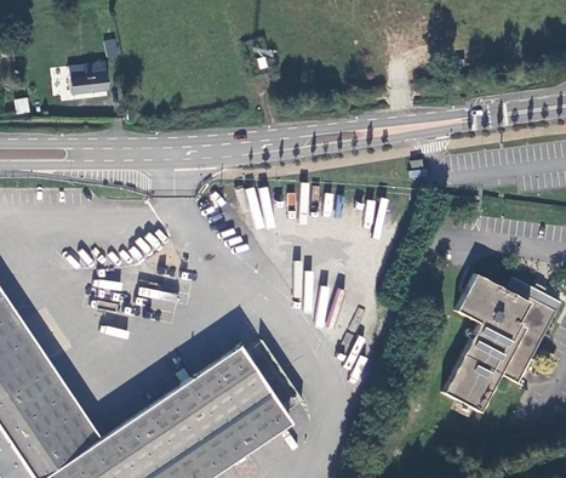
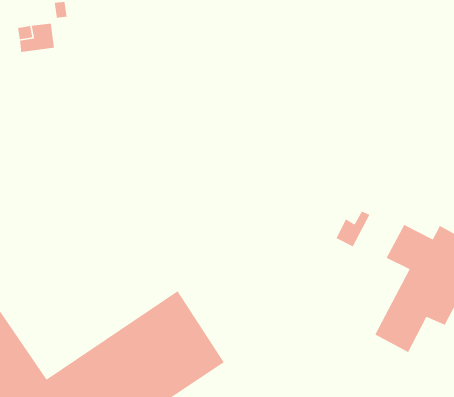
building: none -> [336,210,370,248]

